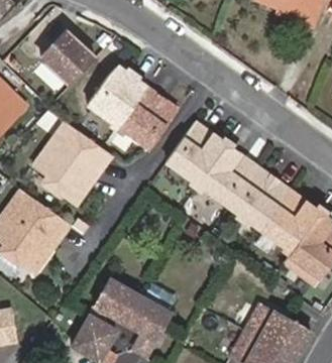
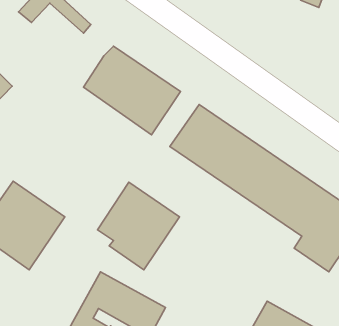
building: [39,38,93,92] -> none
building: [37,124,114,206] -> [97,182,179,270]

